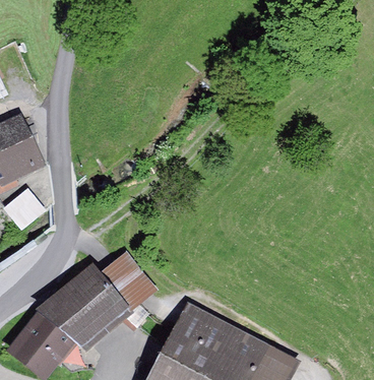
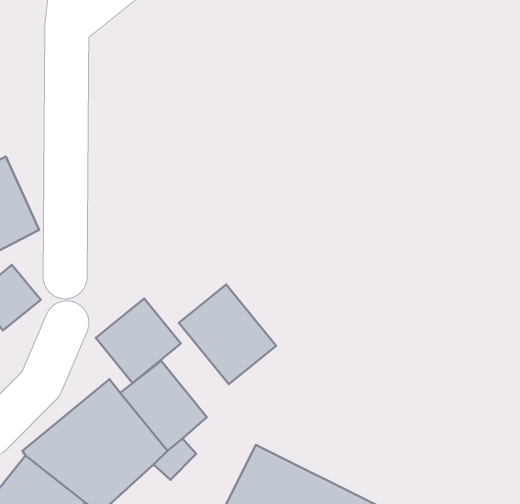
building: none -> [179,284,276,384]
building: none -> [96,298,181,383]

